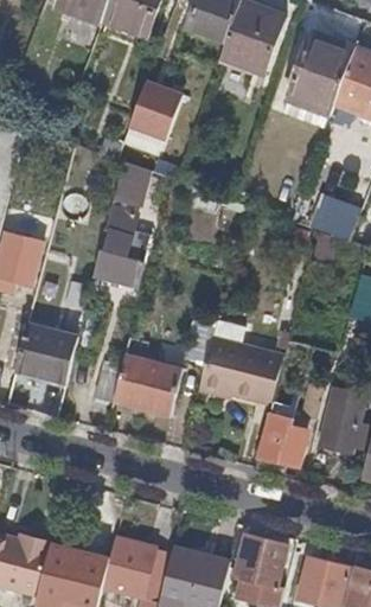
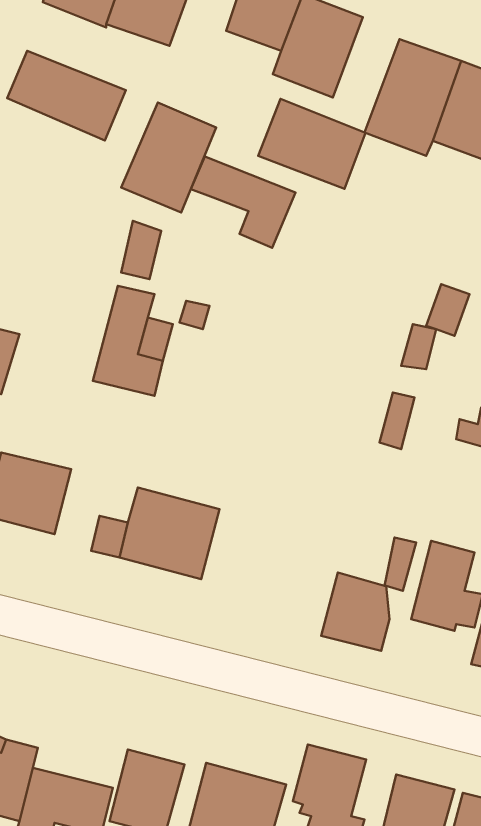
building: none -> [7,51,126,140]
building: none -> [258,99,366,189]
building: none -> [191,157,295,248]
building: [199,338,282,404] -> none

